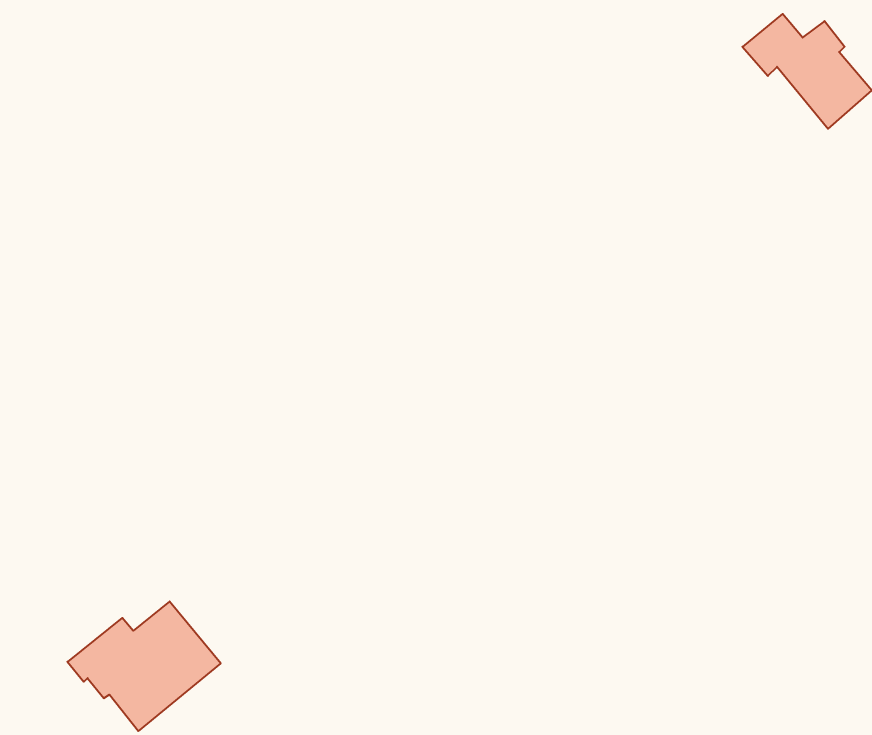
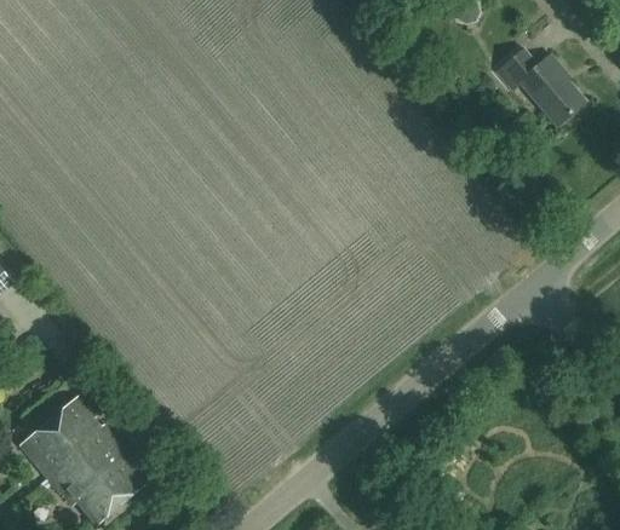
building: none -> [19,394,116,479]

